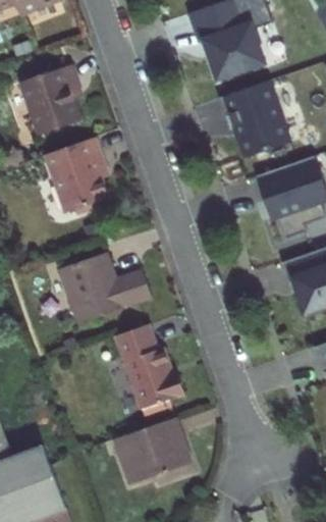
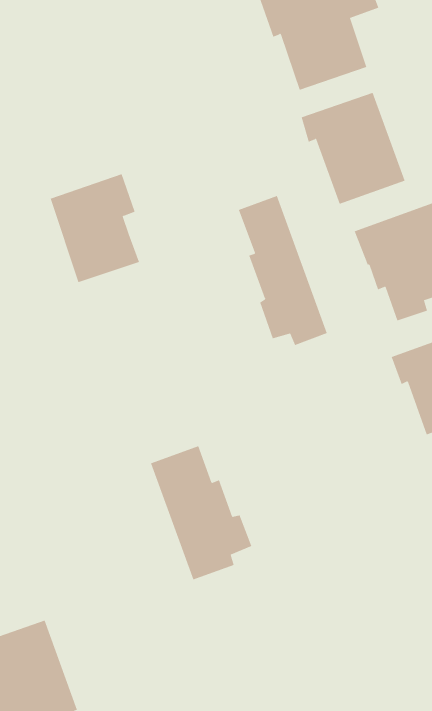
building: [20,64,81,136] -> none
building: none -> [238,195,328,346]
building: [59,252,152,323] -> none
building: [113,417,192,485] -> none

